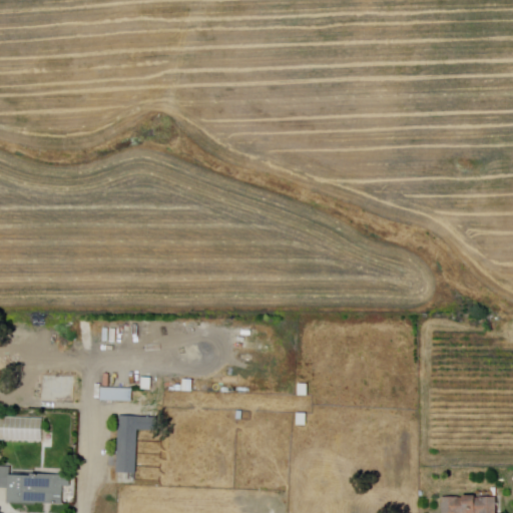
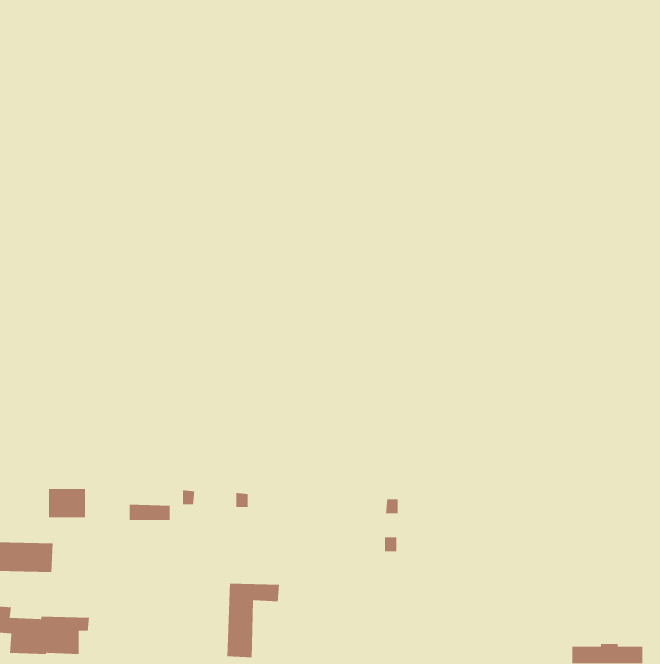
building: [115,416,156,474] -> [227,583,280,658]

